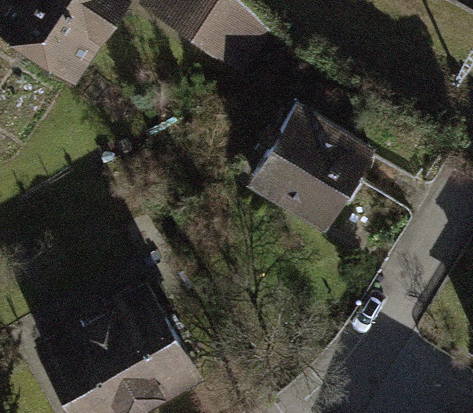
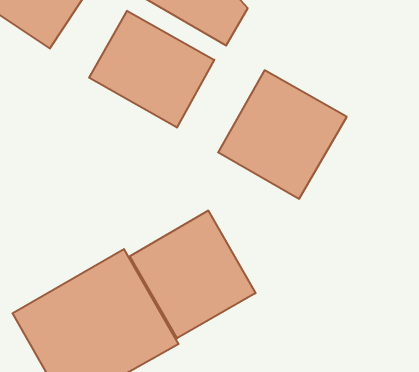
building: none -> [89,11,214,128]
building: none -> [130,210,256,338]

